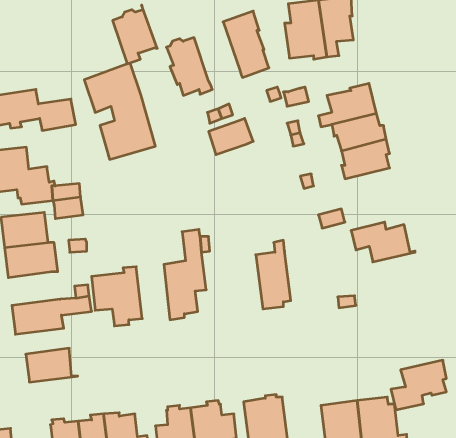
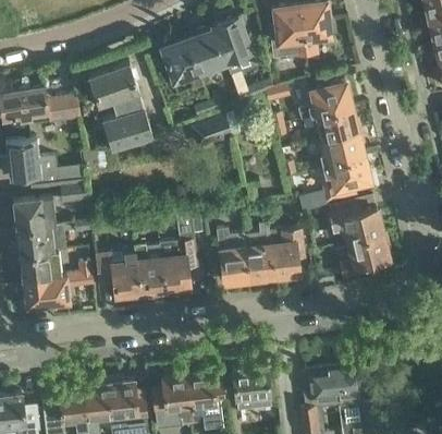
building: [113,5,157,64] -> [186,26,226,80]
building: none -> [319,158,369,204]
building: none -> [216,230,248,287]
building: none -> [268,230,303,278]
building: none -> [134,245,164,297]
building: [26,348,78,382] -> [19,252,65,282]
building: [391,360,446,410] -> [339,234,389,279]

